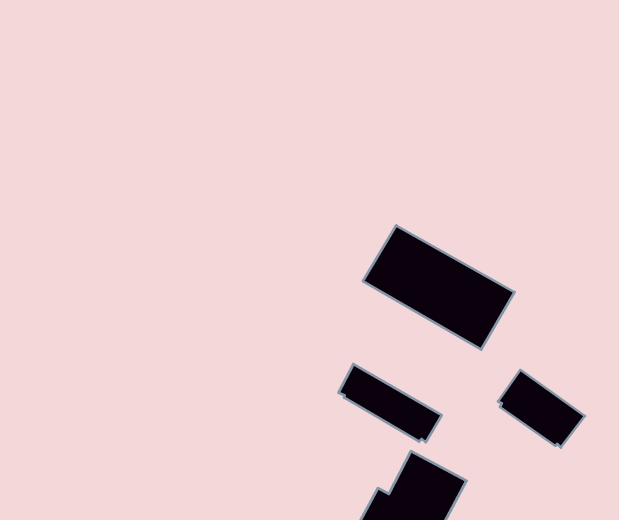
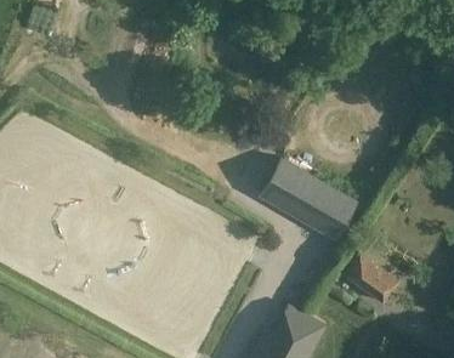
building: [339,364,442,442] -> none

